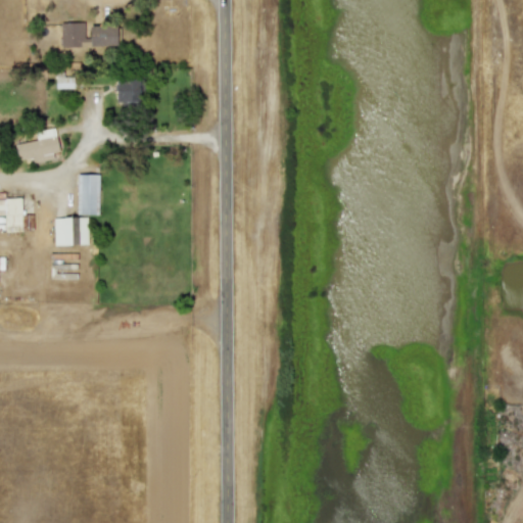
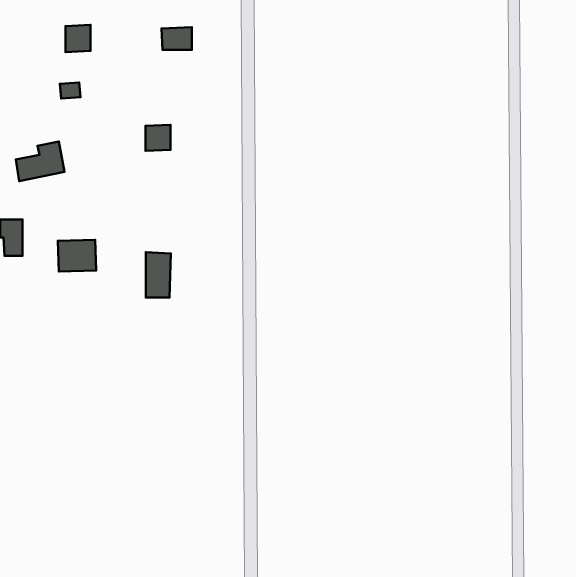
building: [90,27,117,47] -> [161,27,192,50]
building: [117,80,140,103] -> [146,125,170,151]
building: [78,175,100,216] -> [146,252,171,298]

